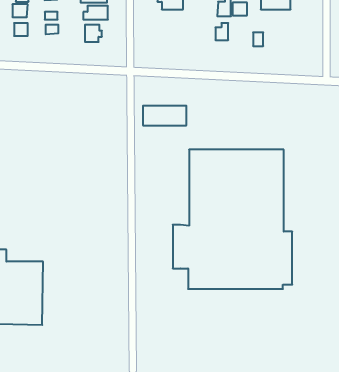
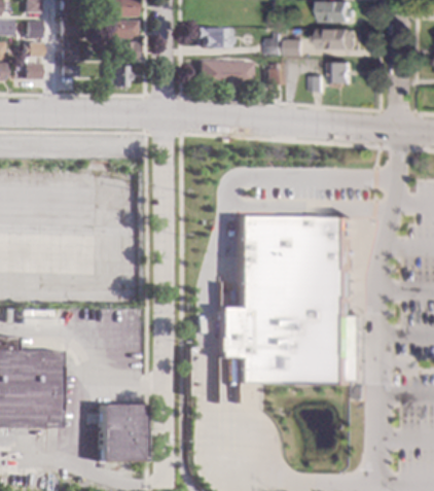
building: none -> [331,61,351,81]
building: [143,106,186,125] -> [197,61,250,84]
building: none -> [97,404,140,460]

